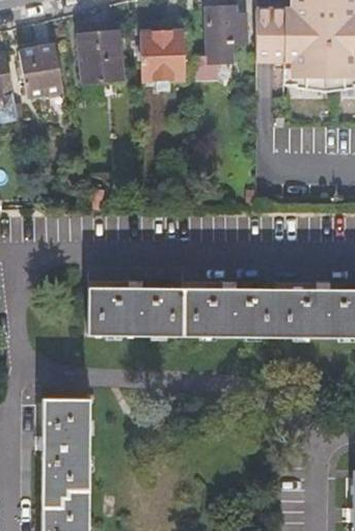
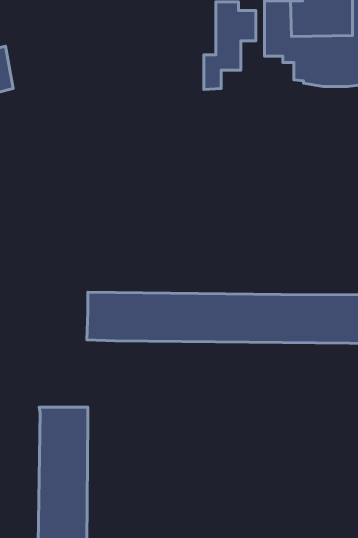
building: [76,28,127,84] -> none
building: [142,29,187,80] -> none
building: [20,41,71,114] -> none

